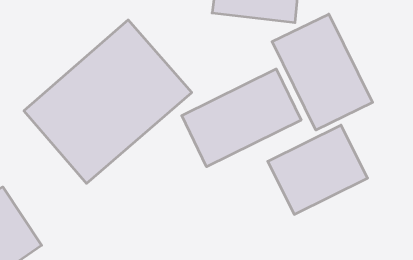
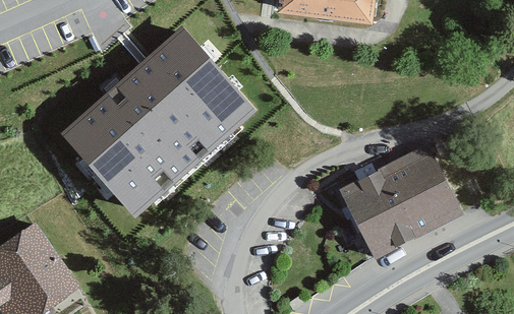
building: [272,14,373,130] -> none
building: [182,69,301,167] -> none

